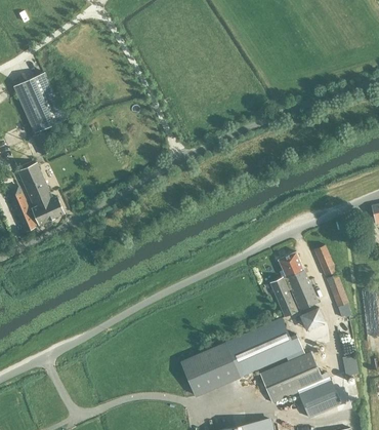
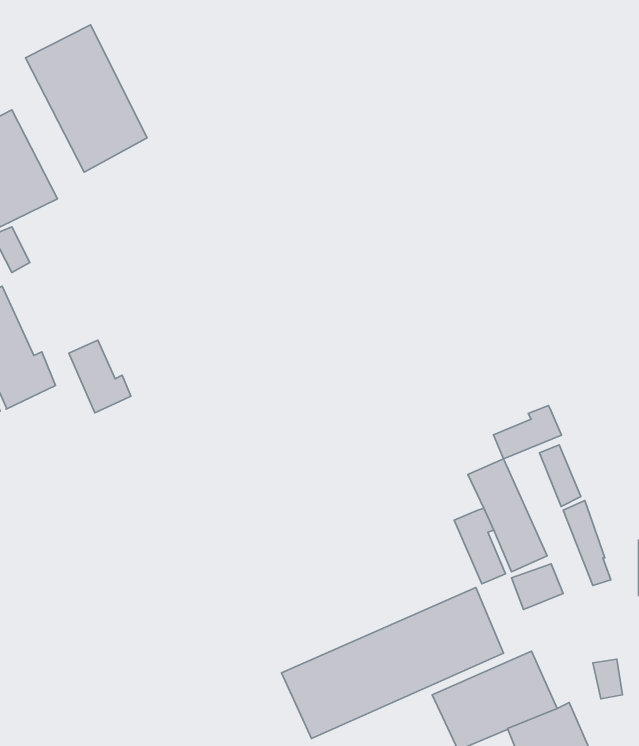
building: none -> [26,25,147,172]
building: none -> [69,340,131,413]
building: none -> [493,406,561,459]

